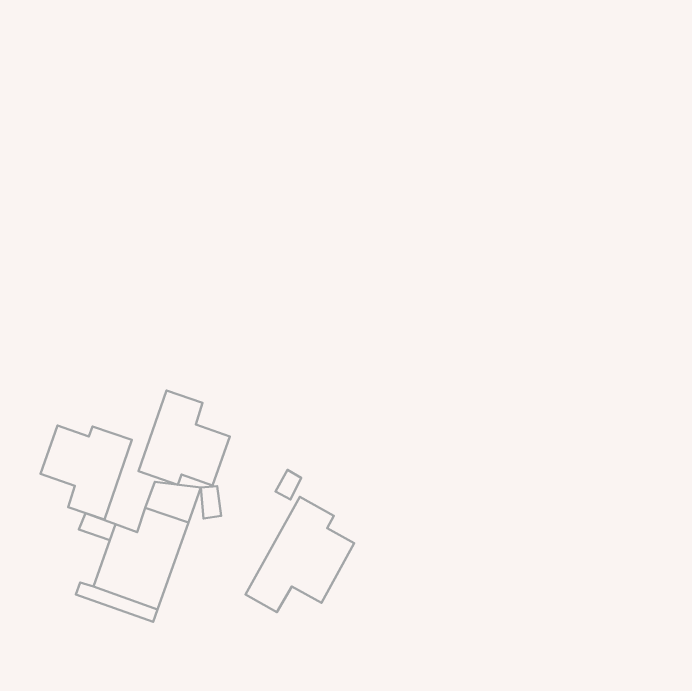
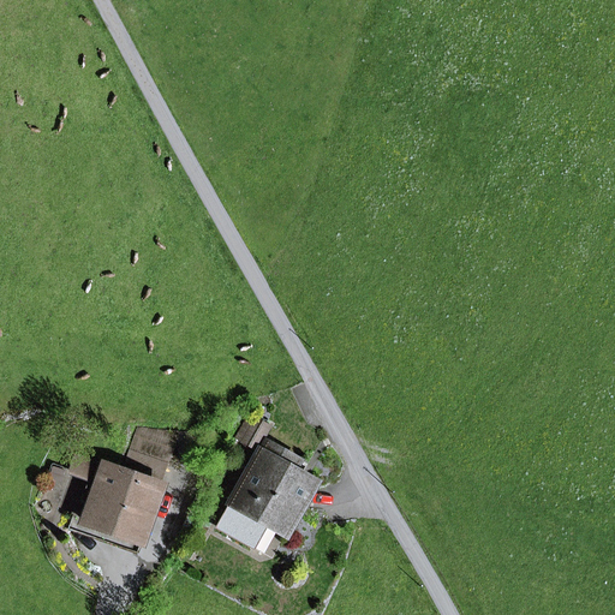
building: [139,391,230,485] -> none
building: [40,425,132,520] -> none

